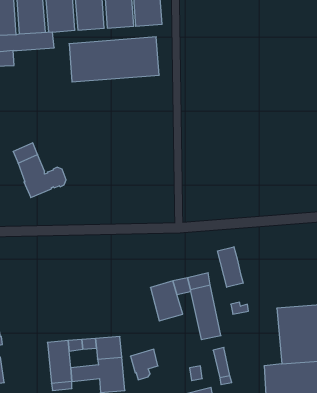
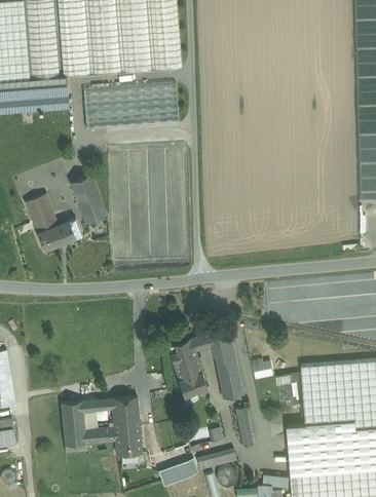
building: none -> [29,92,69,113]
building: none -> [70,174,107,223]
building: [218,247,243,287] -> none
building: [130,349,158,380] -> [178,372,206,404]

